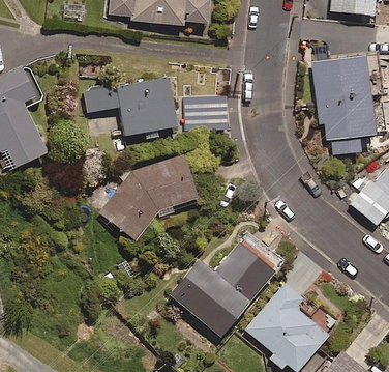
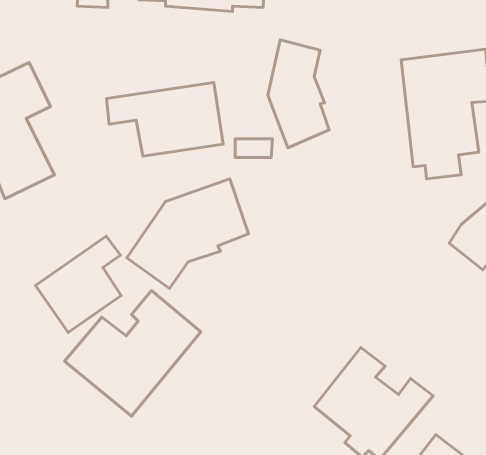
building: none -> [268,40,329,148]
building: none -> [35,236,121,333]
building: [168,238,273,336] -> [64,290,201,416]

